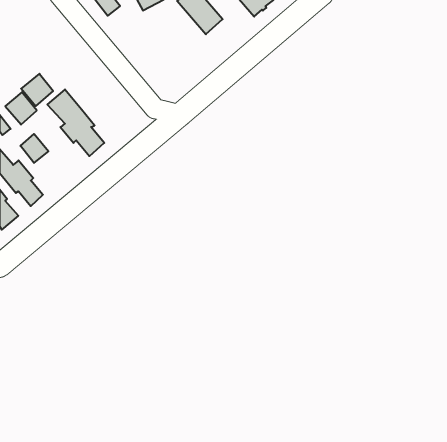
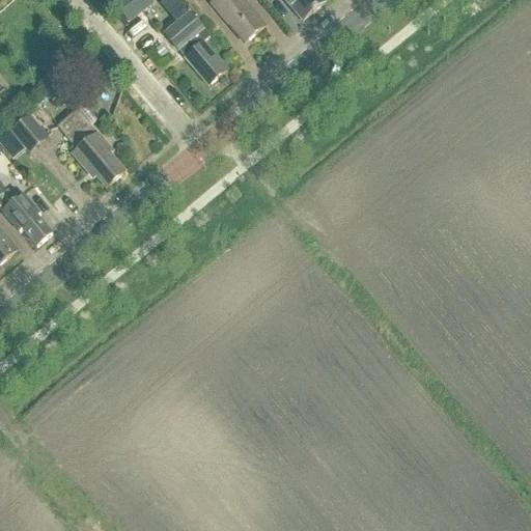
building: none -> [164,9,226,82]
building: [21,74,53,106] -> none
building: [20,134,48,163] -> none

